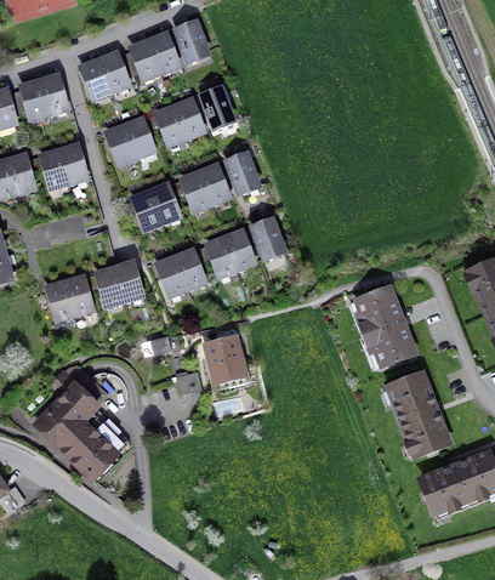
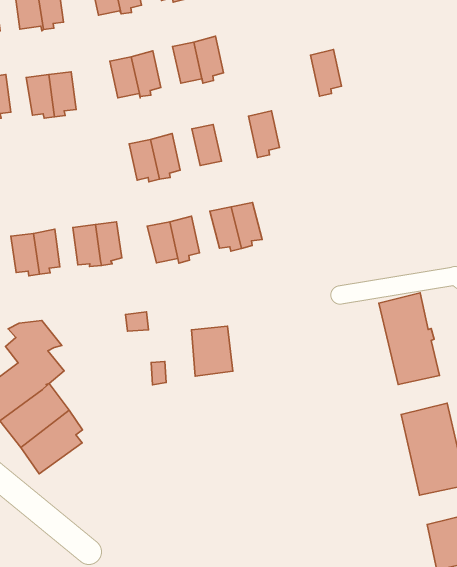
building: [201,89,231,129] -> [310,49,342,96]
building: [199,166,227,205] -> none
building: [252,220,281,260] -> none

